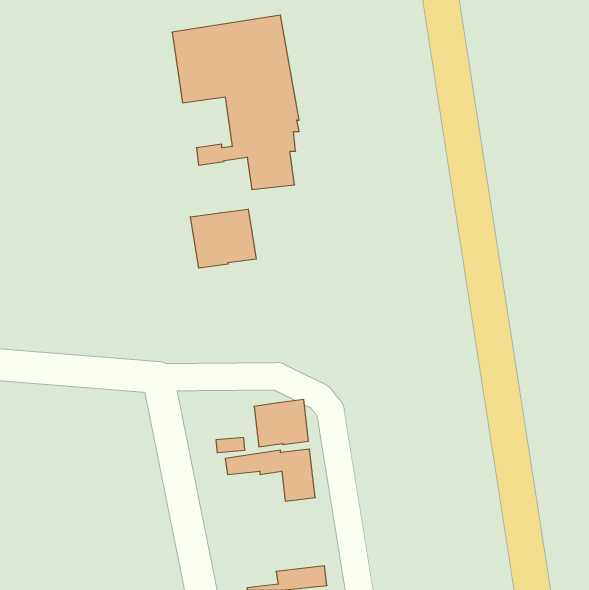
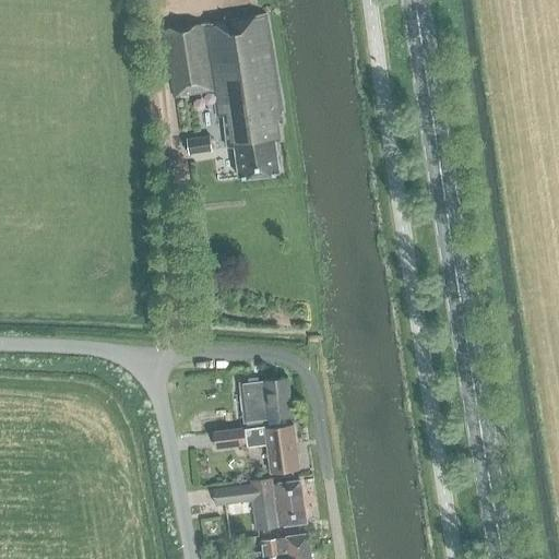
building: [190,209,256,268] -> none
building: none -> [214,479,307,531]

